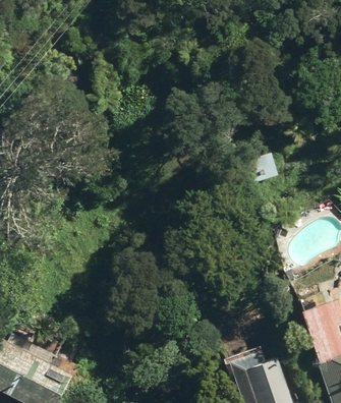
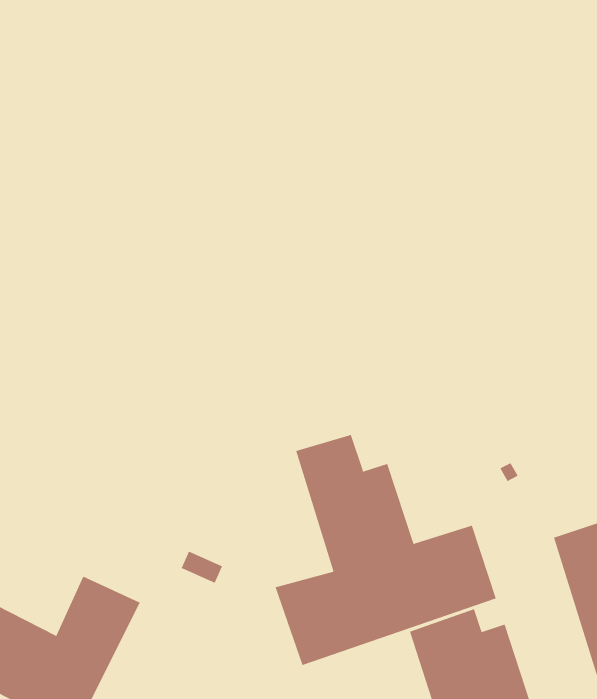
building: none -> [275,434,496,666]

